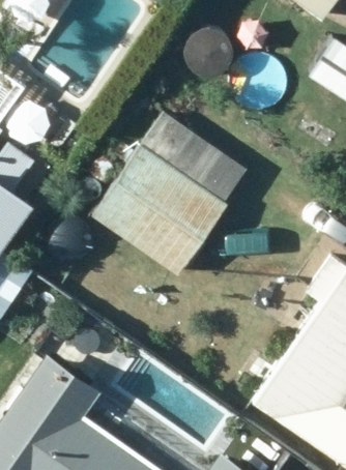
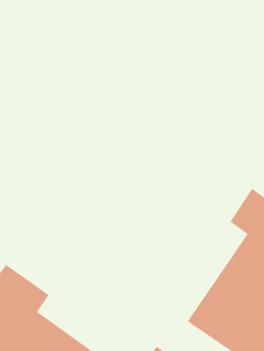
building: [121,146,247,278] -> none

